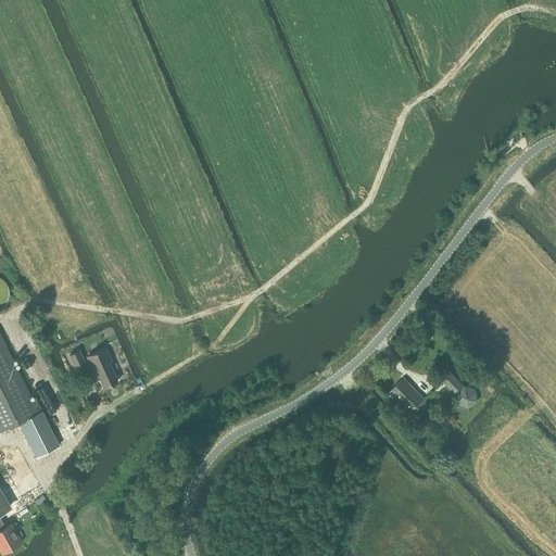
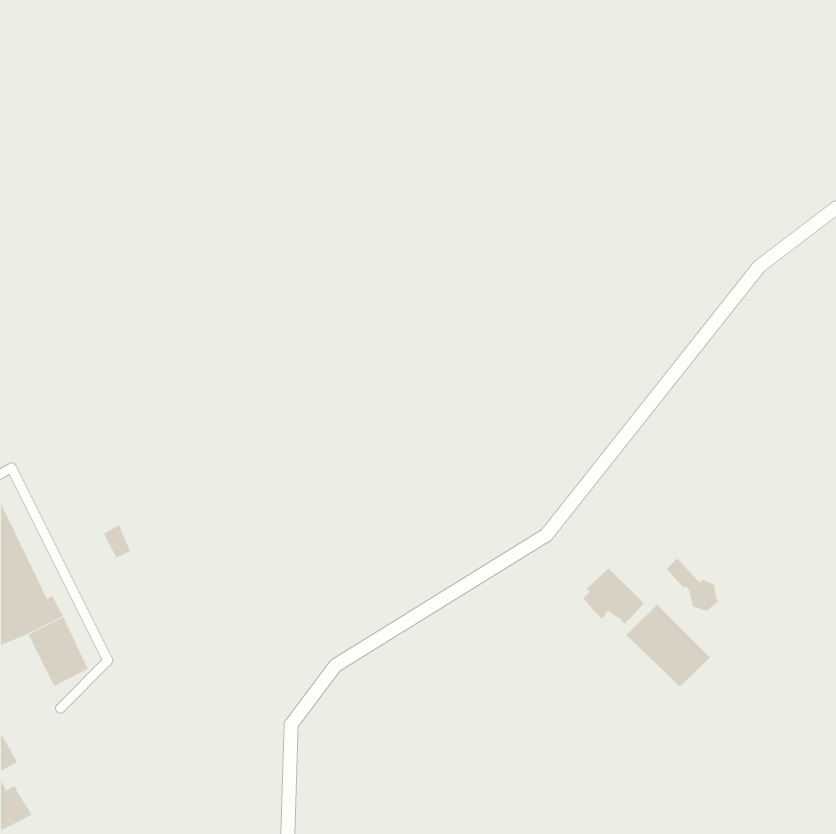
building: [86,346,117,387] -> none
building: none -> [626,604,711,687]

